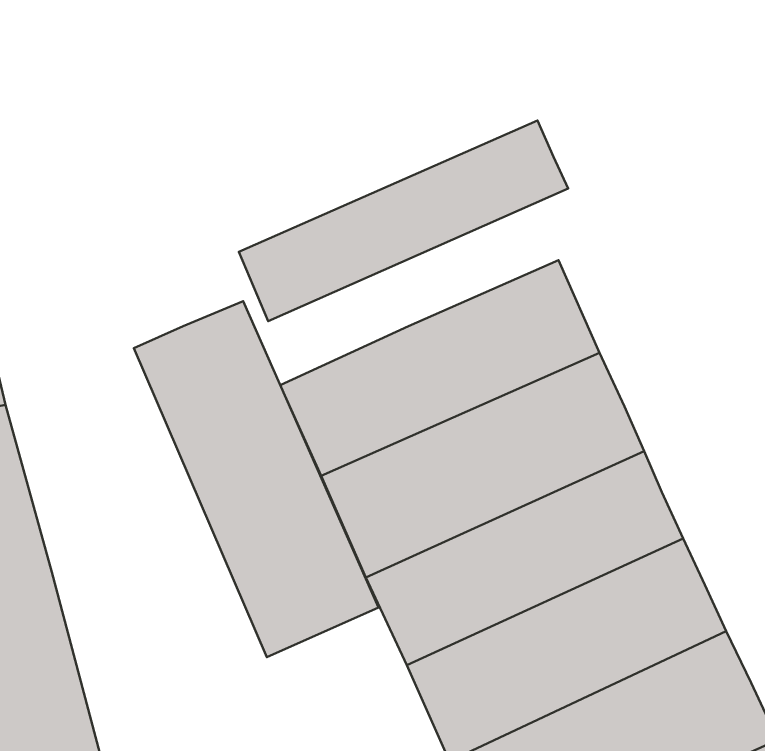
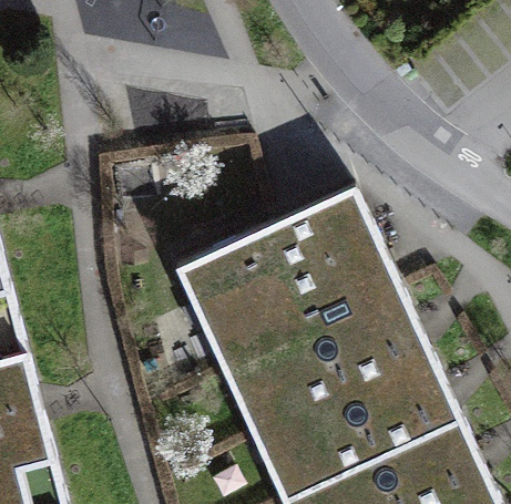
building: [239,121,568,321] -> none
building: [134,301,379,657] -> none

